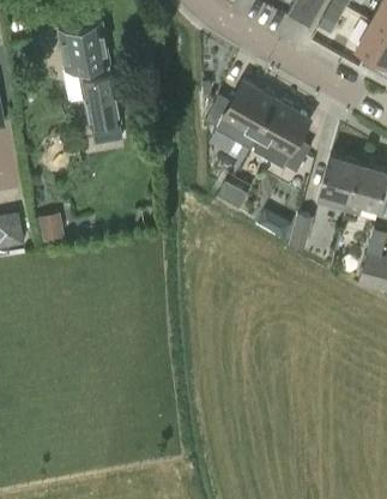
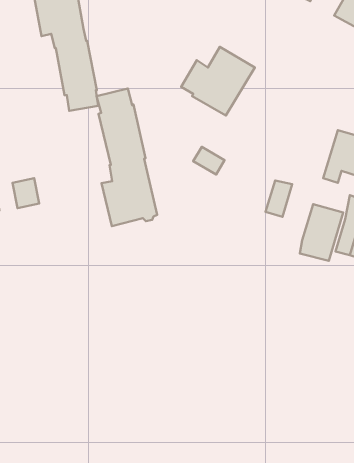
building: [249,101,313,173] -> none
building: none -> [97,88,157,226]
building: [318,155,361,211] -> [300,204,343,261]

